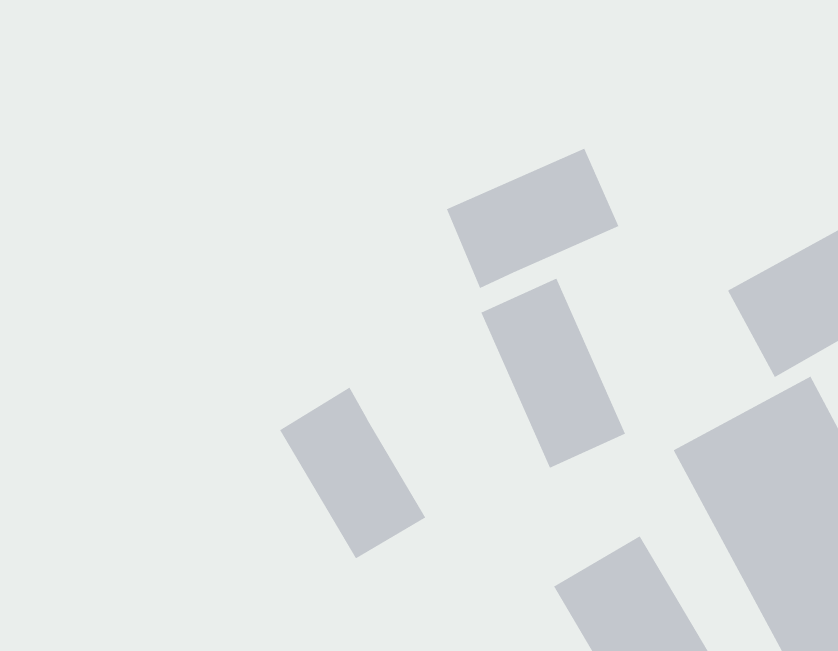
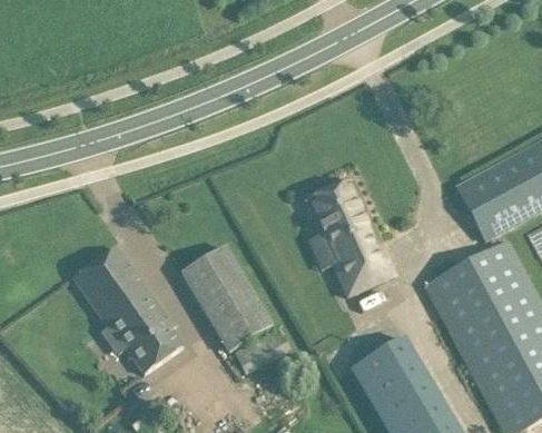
building: [446,148,619,289] -> none
building: none -> [73,245,183,371]

